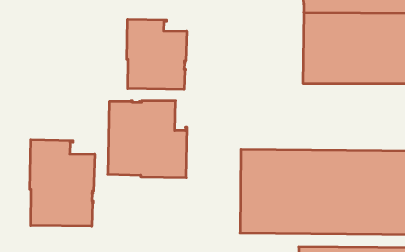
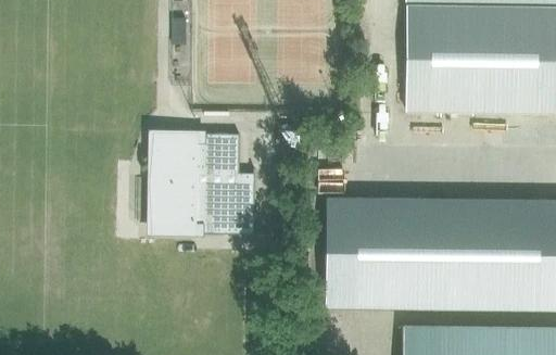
building: [127,19,187,89] -> none
building: [30,140,95,226] -> none

